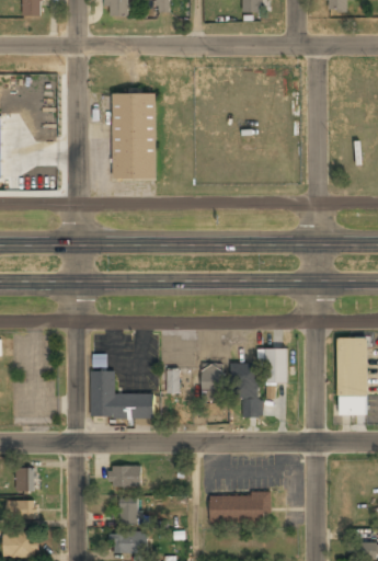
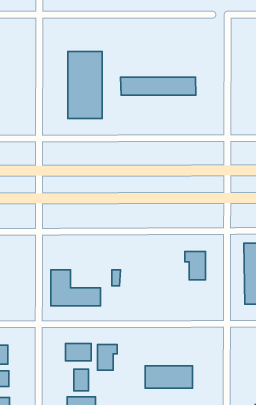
building: none -> [121,77,196,95]
building: [231,363,261,416] -> none
building: [202,367,222,390] -> none
building: none -> [98,344,117,370]

